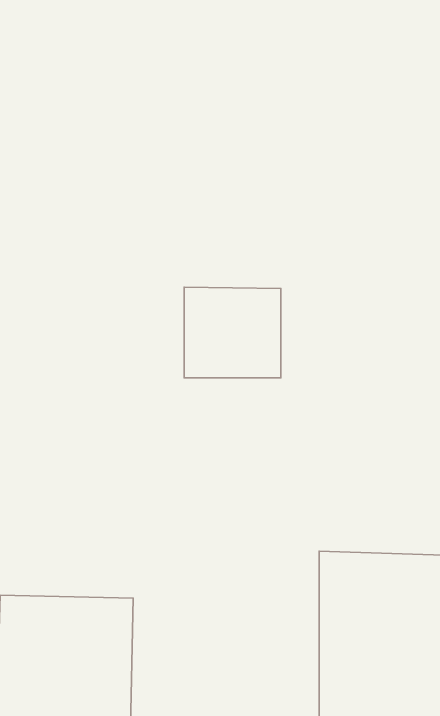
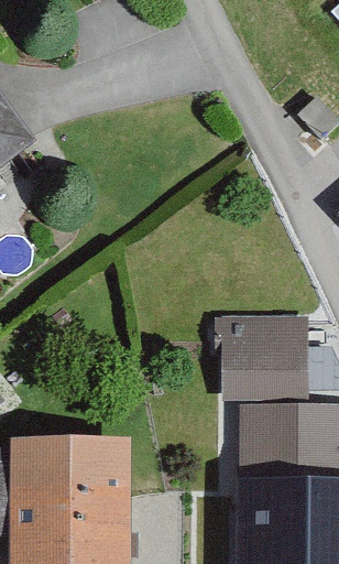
building: [184,287,281,378] -> [228,323,298,389]

